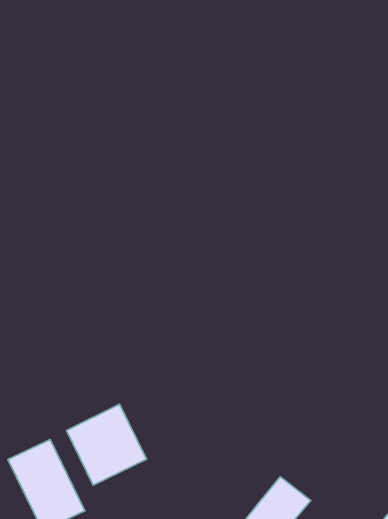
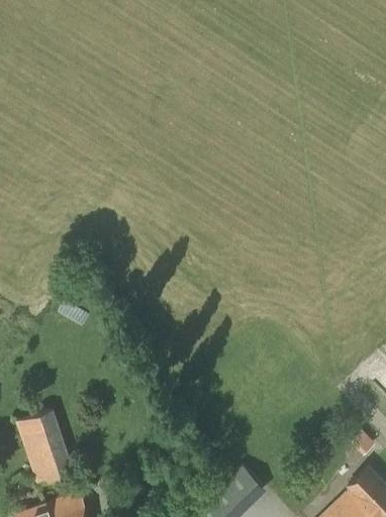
building: [67,404,146,485] -> none

